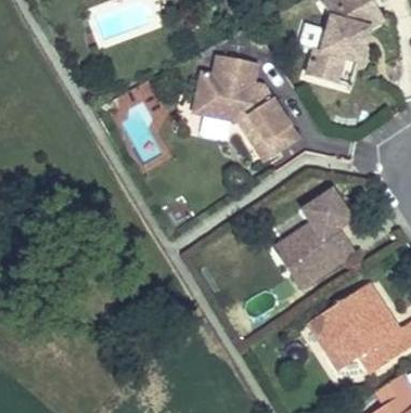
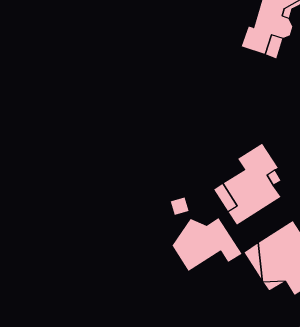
building: [198,56,303,163] -> none
building: none -> [172,217,242,272]

